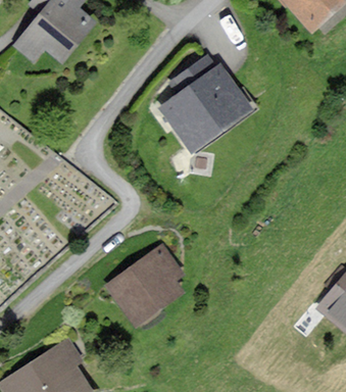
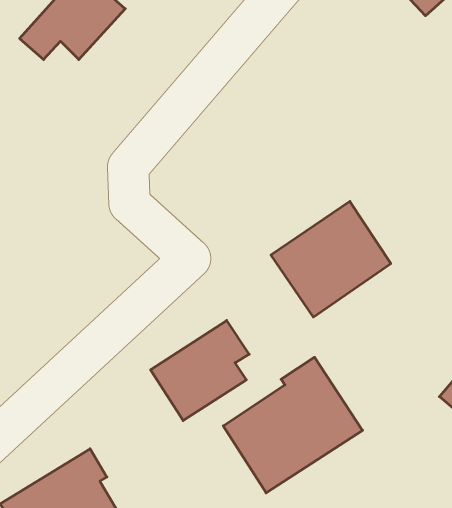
building: [161,64,248,148] -> [271,201,391,317]
building: none -> [223,357,363,493]

